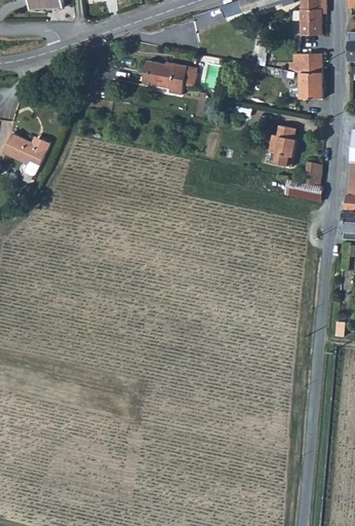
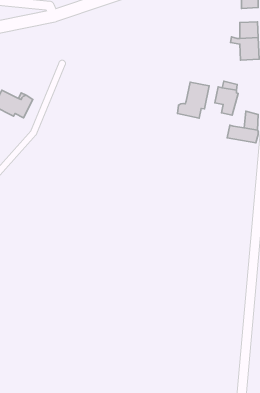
building: [141,60,195,93] -> none
building: none -> [178,82,209,118]

